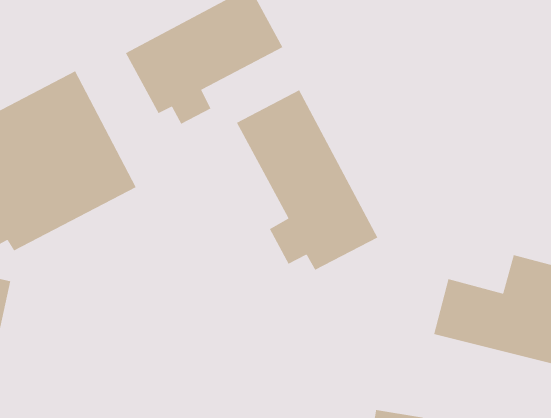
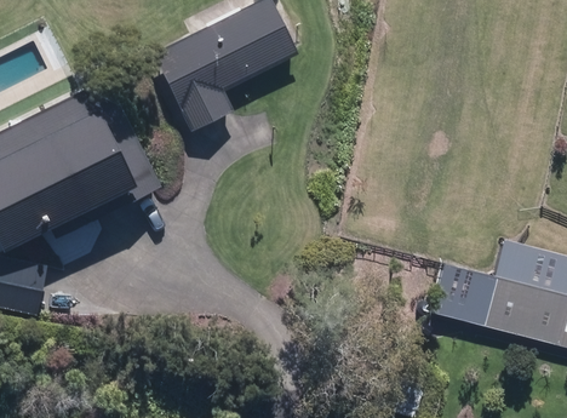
building: [236,89,379,271] -> none

